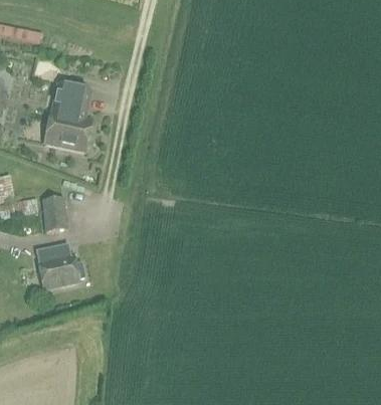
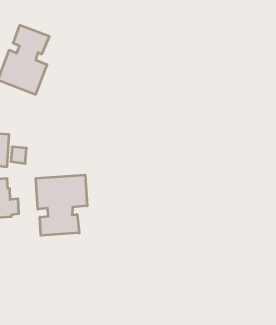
building: none -> [36,175,87,235]

